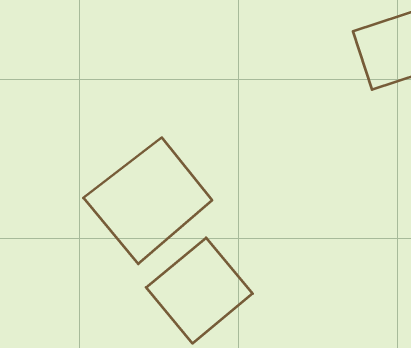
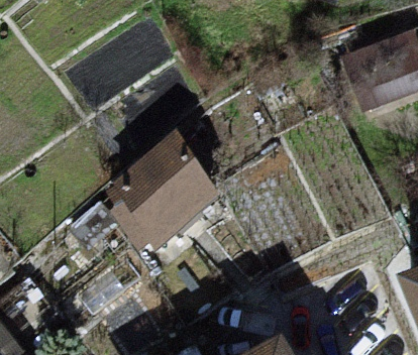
building: [146,238,253,343] -> none

